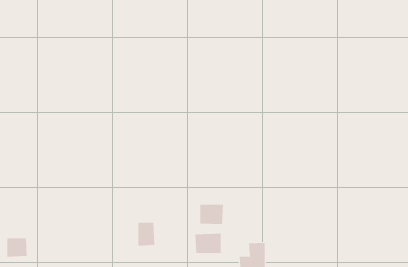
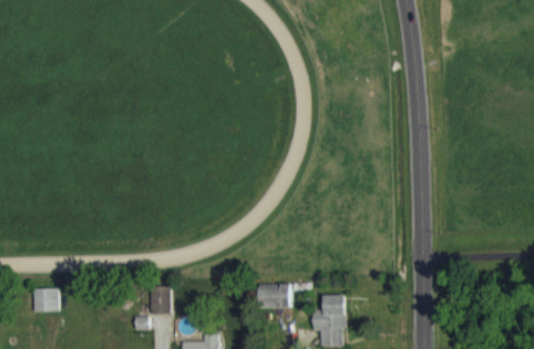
building: [200,204,224,225] -> none
building: [138,222,155,246] -> [150,286,171,315]

